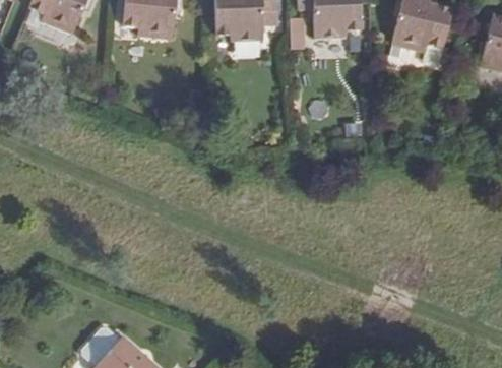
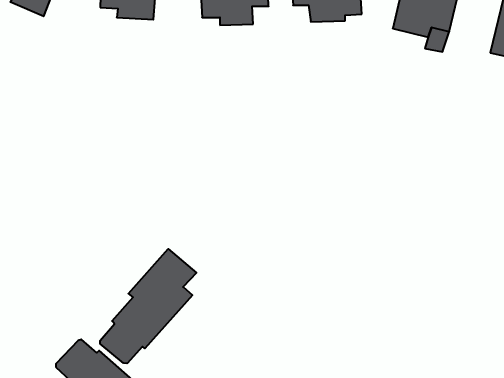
building: none -> [100,249,196,363]

